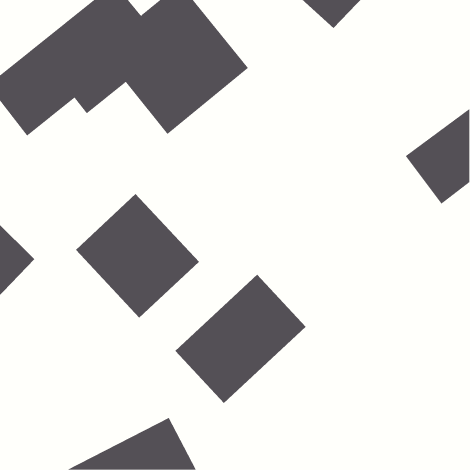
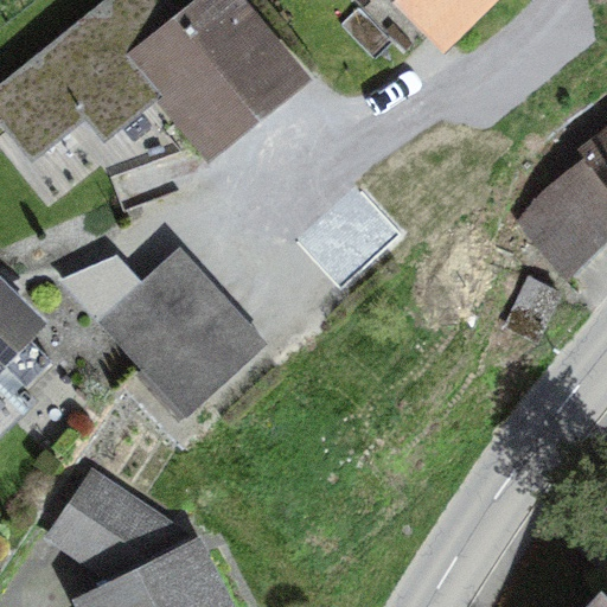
building: [175,274,306,404] -> none
building: none -> [41,467,173,566]

